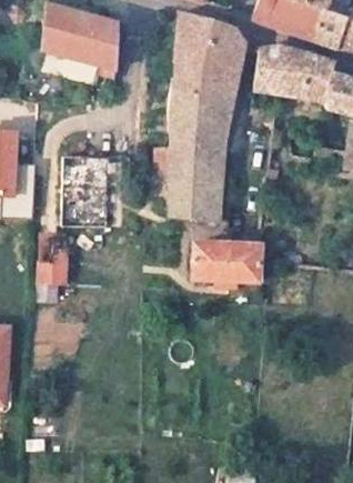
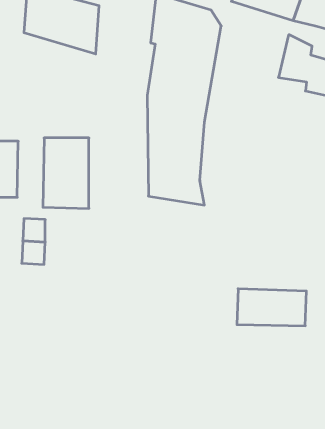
building: [253,46,307,97] -> none
building: [189,244,258,281] -> [237,289,306,326]

